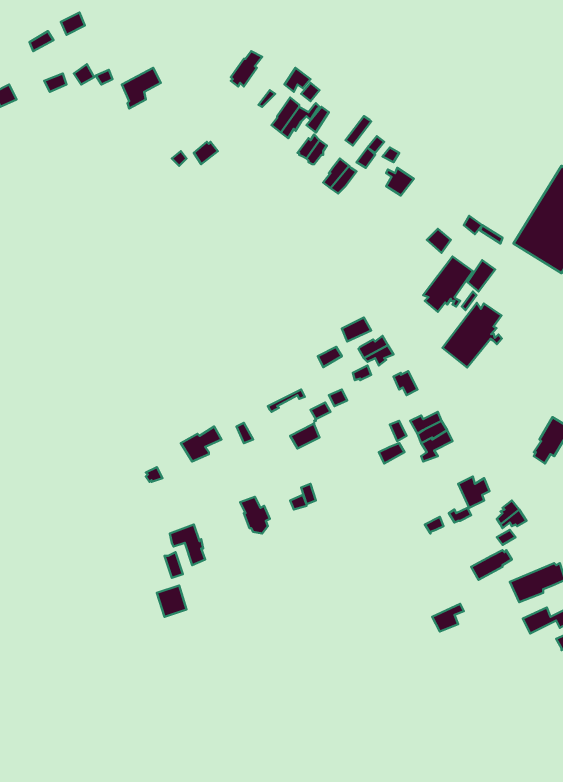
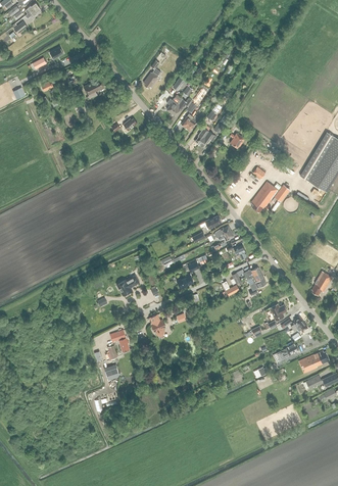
building: [442,303,502,367] -> none

